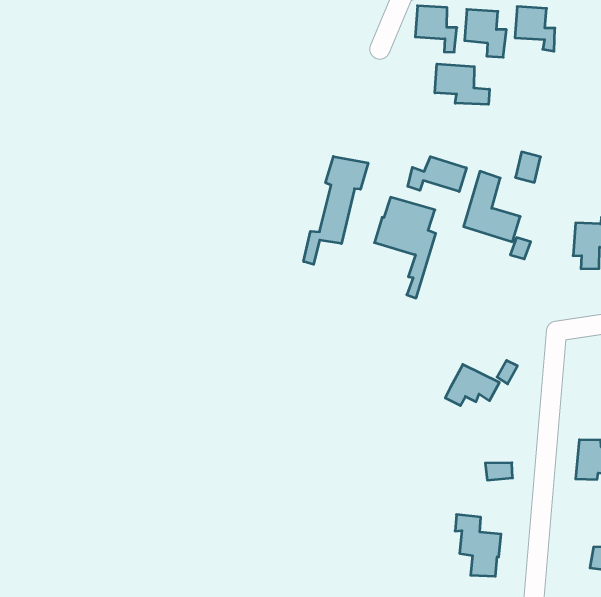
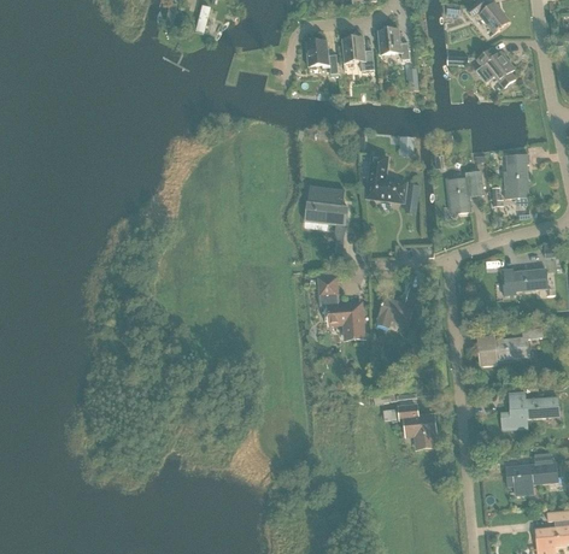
building: [435,64,489,104] -> none
building: [304,156,368,264] -> none
building: [408,157,466,192] -> none
building: none -> [318,278,362,337]

